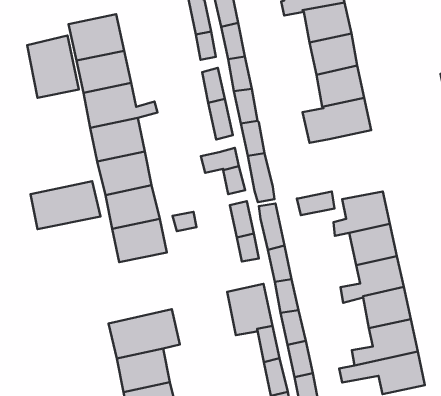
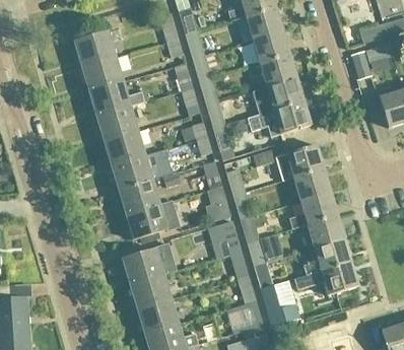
building: [27,35,79,98] -> none
building: none -> [247,100,311,136]
building: [31,181,100,229] -> [126,200,179,238]

